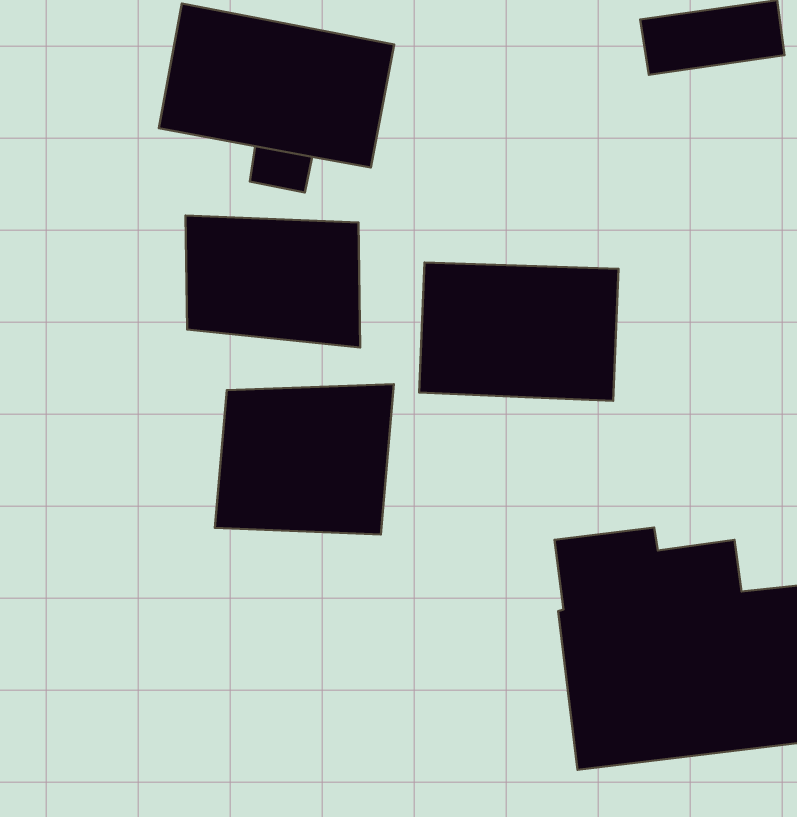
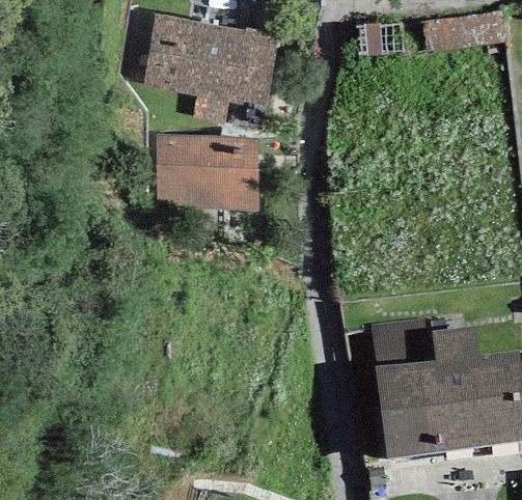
building: [419,262,619,401] -> none
building: [215,384,394,535] -> none

